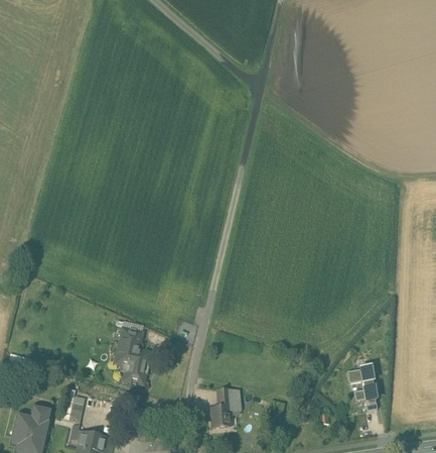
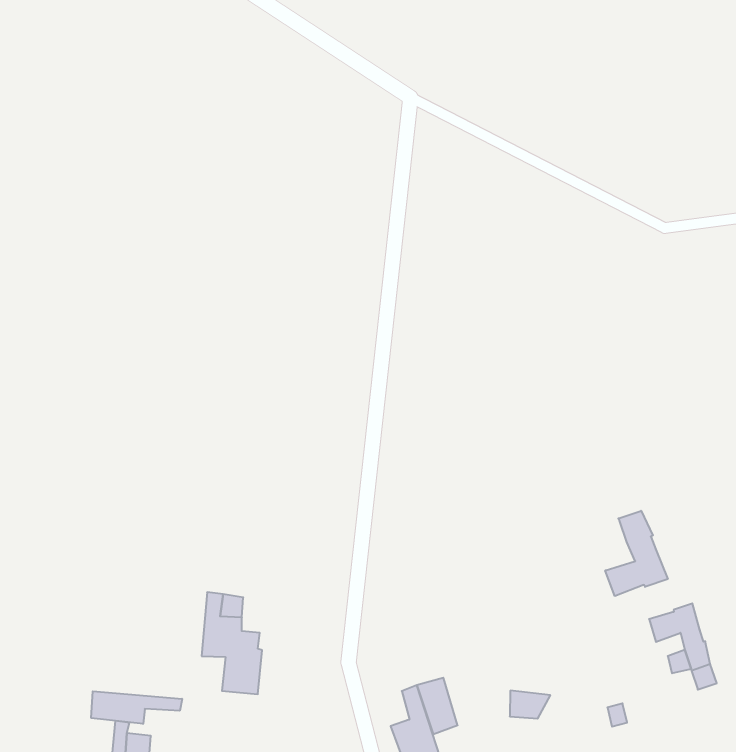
building: none -> [605,511,668,596]
building: none -> [91,691,182,724]

